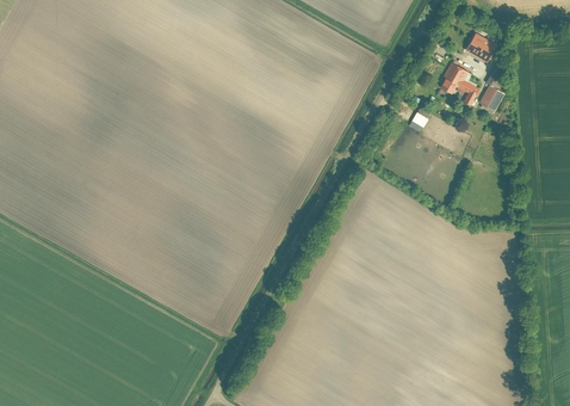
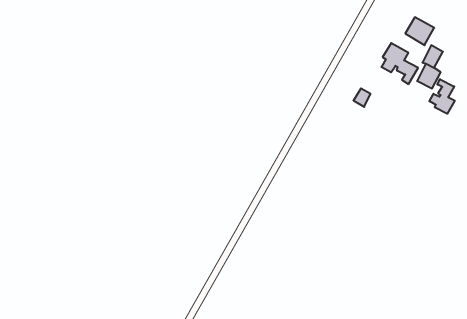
building: none -> [429,79,455,114]

